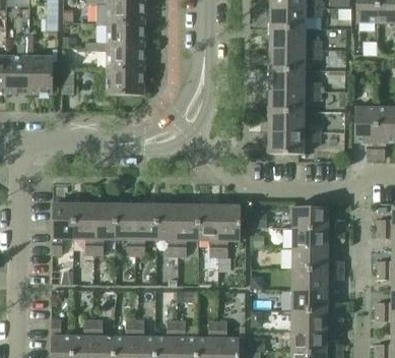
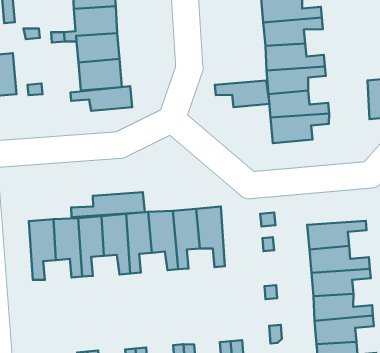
building: none -> [70,86,132,111]
building: none -> [215,80,269,107]
building: none -> [71,192,145,217]
building: [218,204,241,256] -> none
building: [292,205,343,228] -> none

